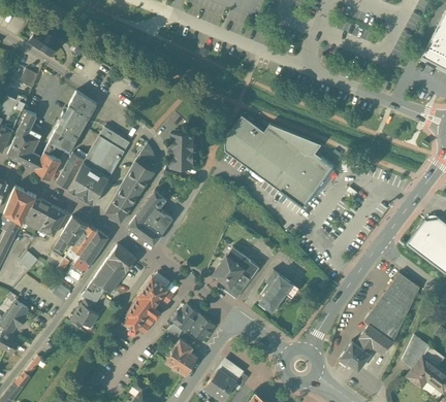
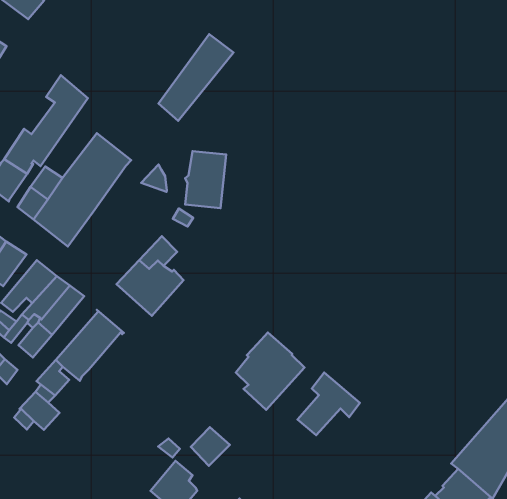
building: [225,115,333,207] -> none
building: [106,163,153,223] -> [158,34,234,121]
building: [125,276,173,334] -> none
building: [171,304,200,331] -> none

